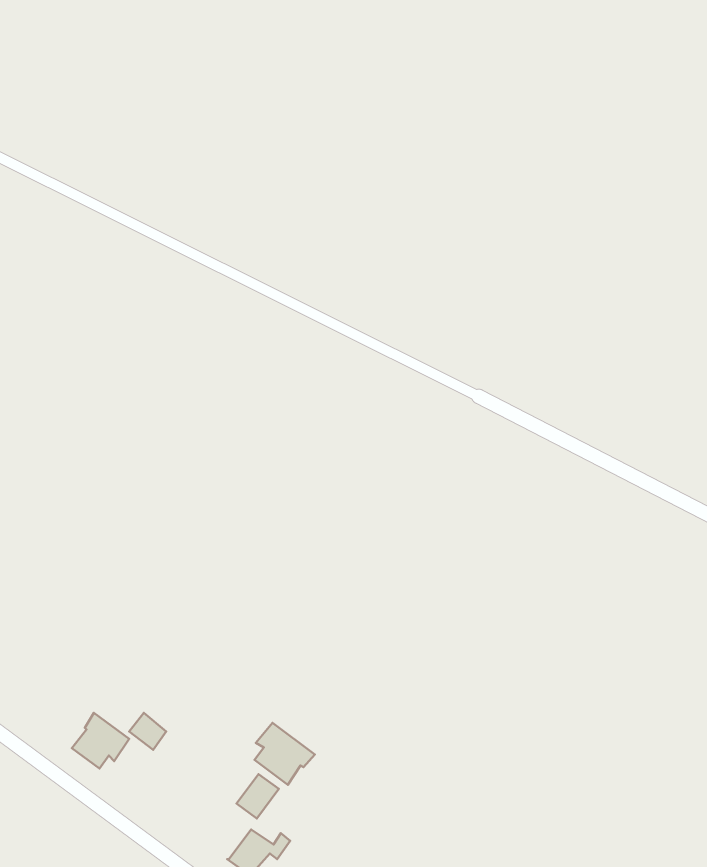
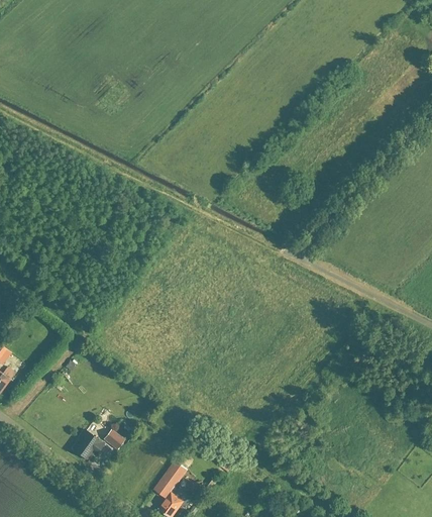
building: [254,723,315,785] -> none

